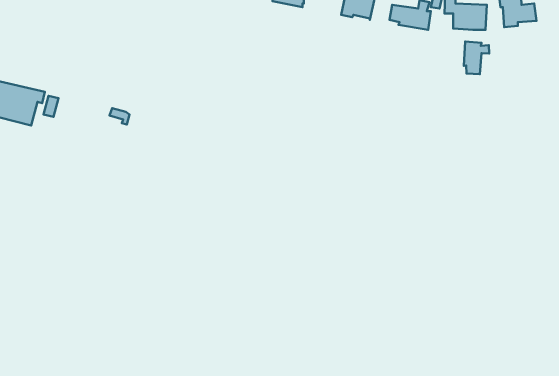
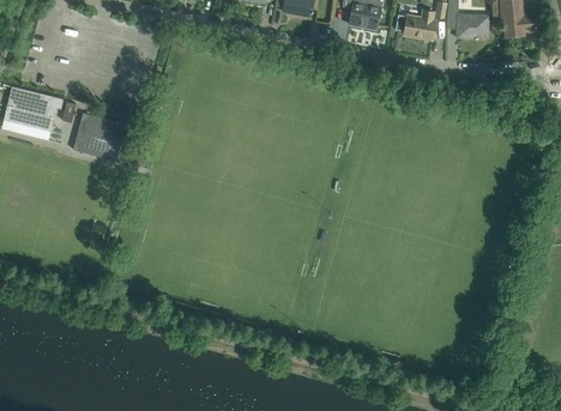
building: [464,41,489,74] -> none
building: none -> [73,113,127,161]

